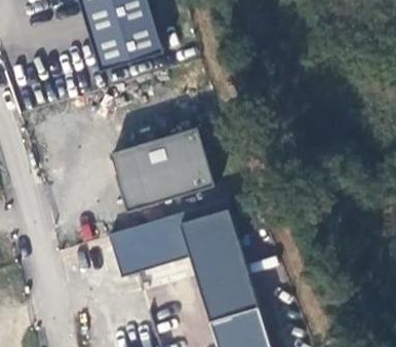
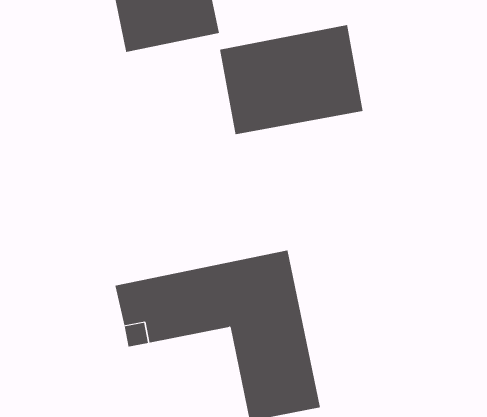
building: [110,127,214,211] -> [219,25,363,135]

